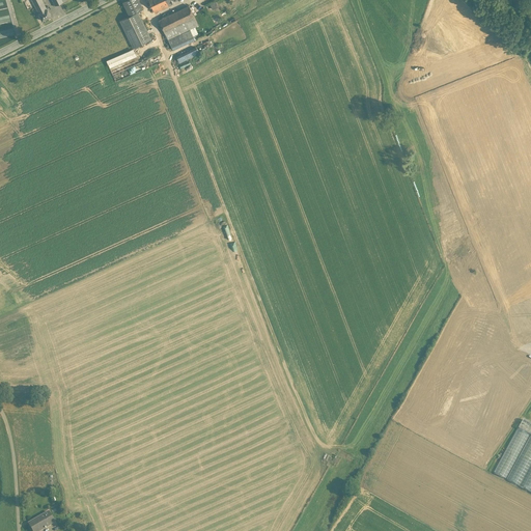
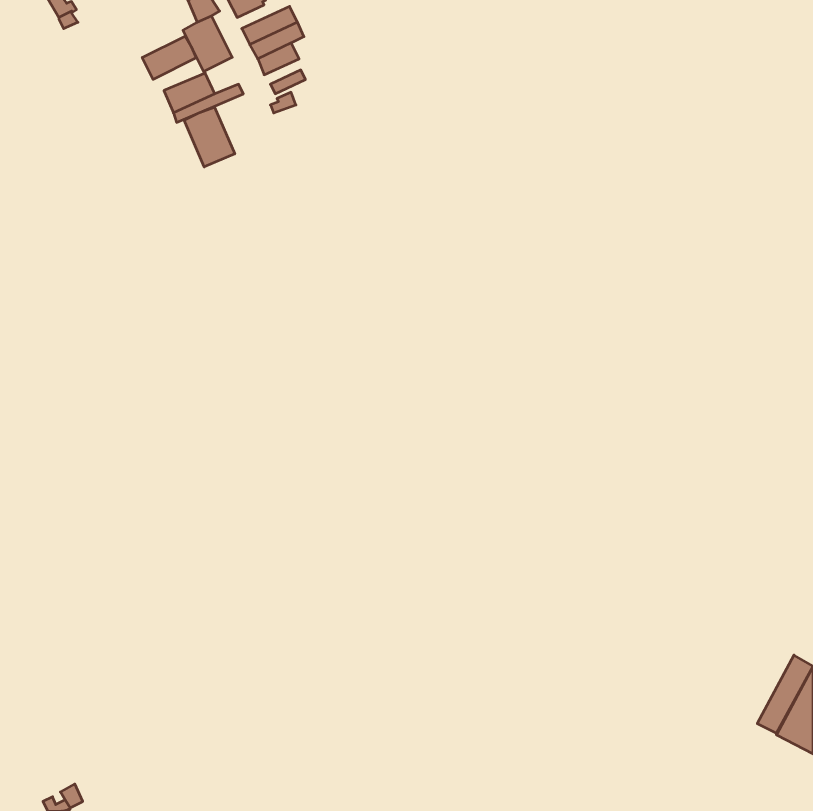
building: none -> [142,36,196,79]
building: none -> [184,107,235,167]

